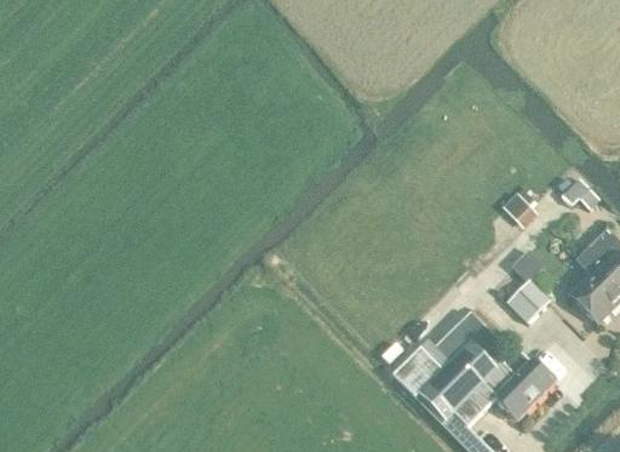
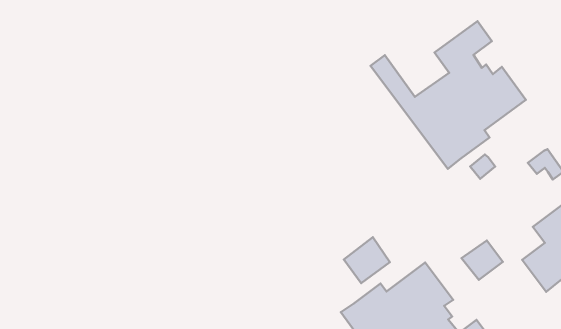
building: none -> [371,21,526,169]
building: none -> [344,237,390,283]

